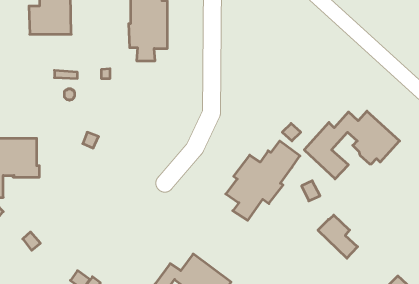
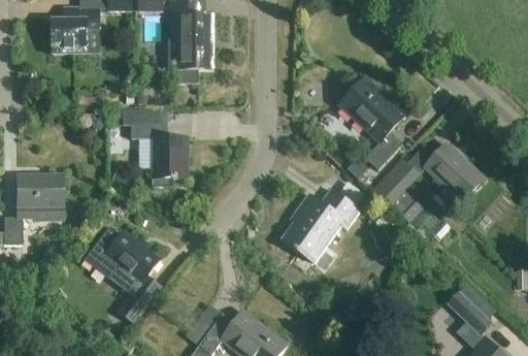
building: none -> [339,76,404,168]
building: none -> [111,108,188,185]
building: none -> [85,226,163,323]
building: [318,215,358,258] -> [448,285,494,335]

